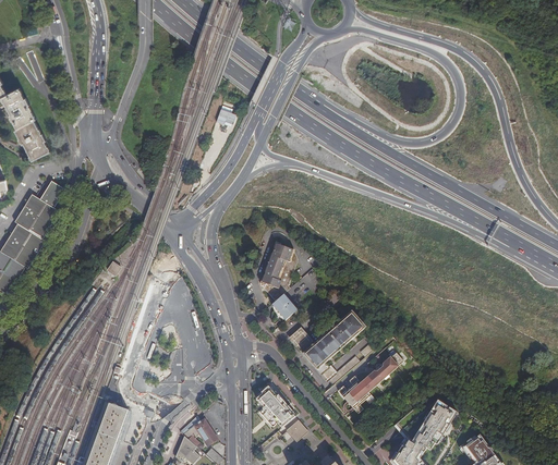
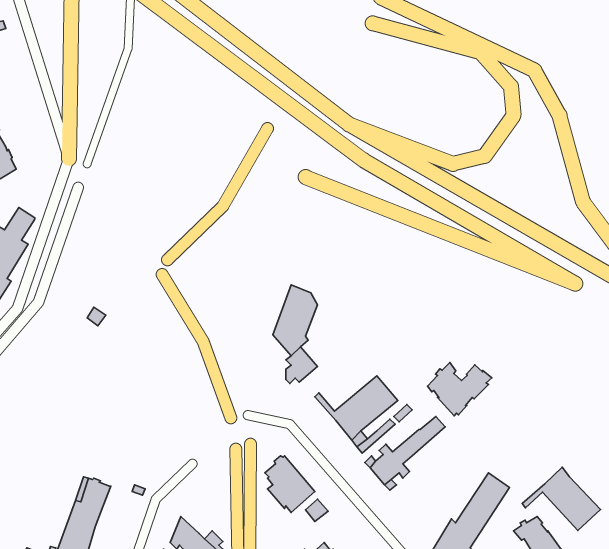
building: none -> [428,362,492,416]
building: none -> [522,467,600,531]
building: [180,416,214,449] -> none

